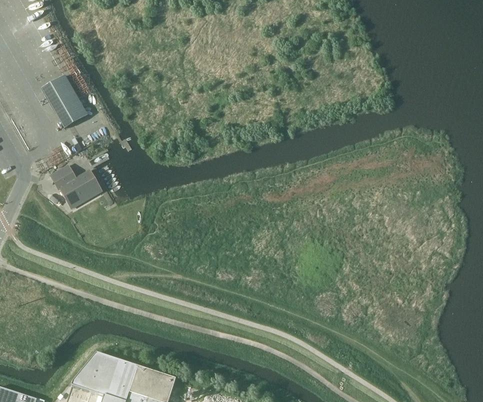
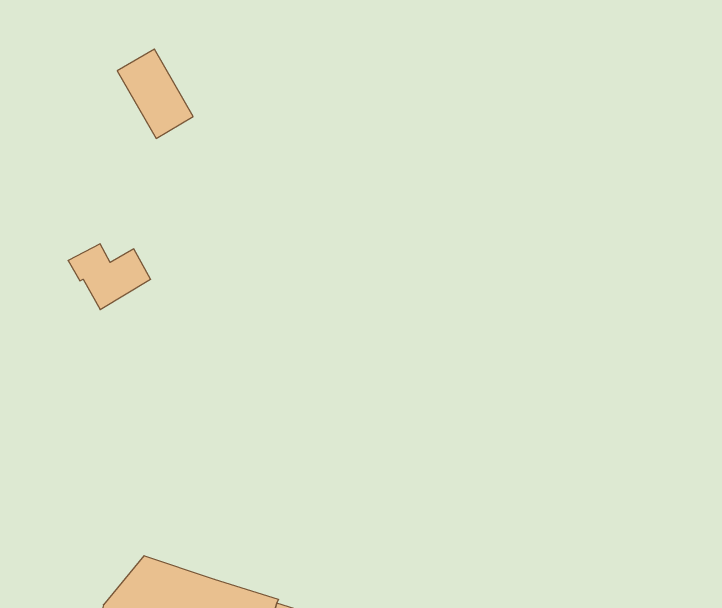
building: [42,75,87,128] -> [117,49,193,138]

